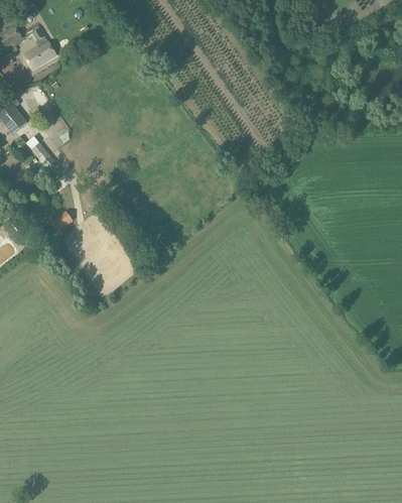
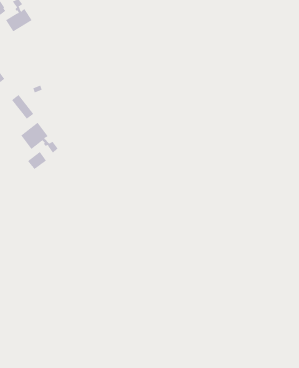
building: none -> [20,122,58,154]

